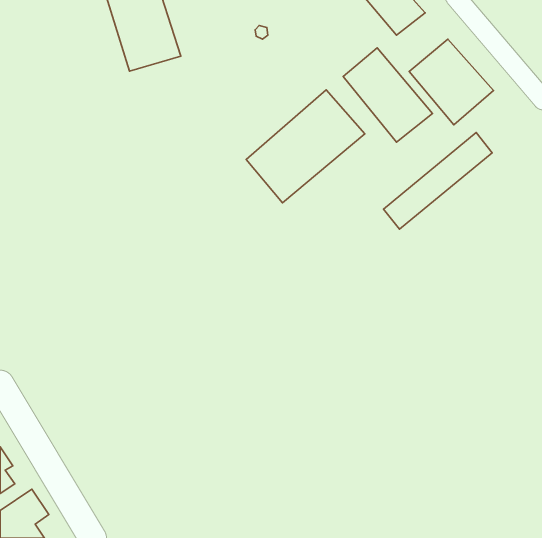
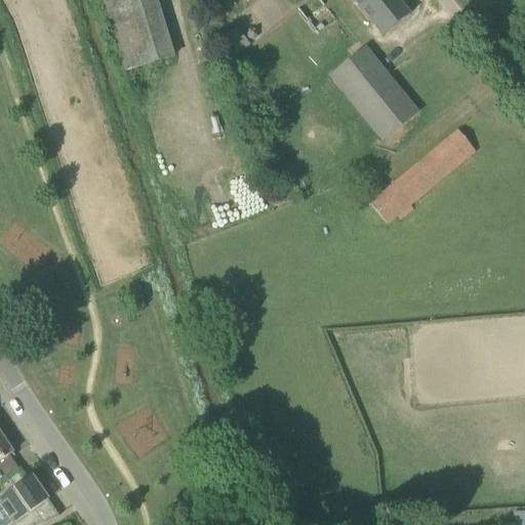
building: [409,39,493,125] -> none
building: [246,90,365,203] -> none

